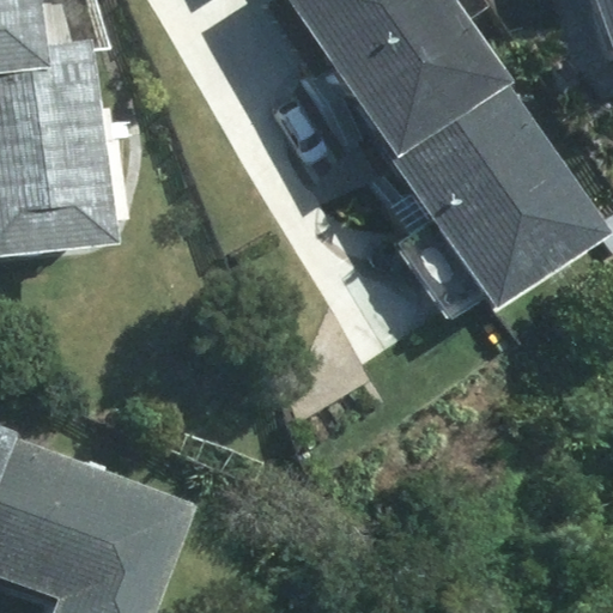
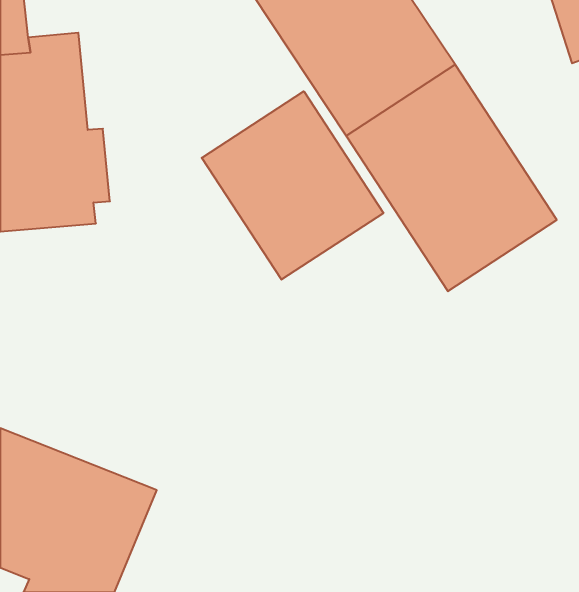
building: none -> [202,91,383,280]

